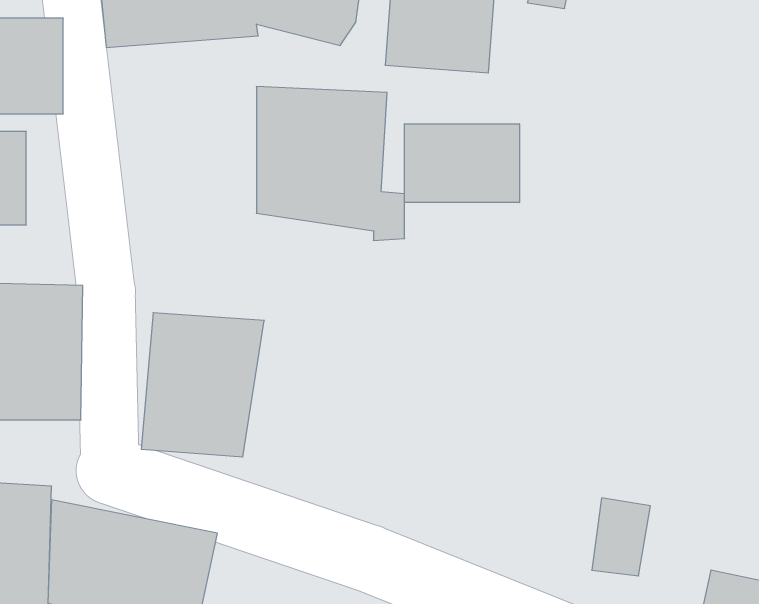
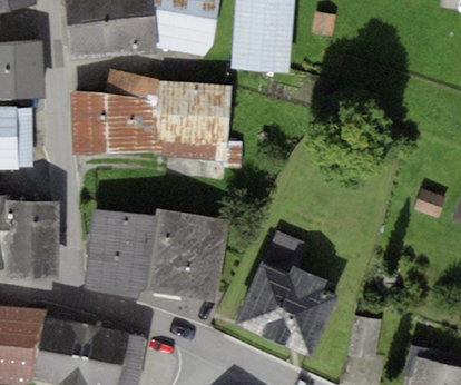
building: none -> [69,68,155,154]
building: [405,124,519,203] -> none
building: none -> [147,207,229,304]
building: none -> [233,230,337,356]

